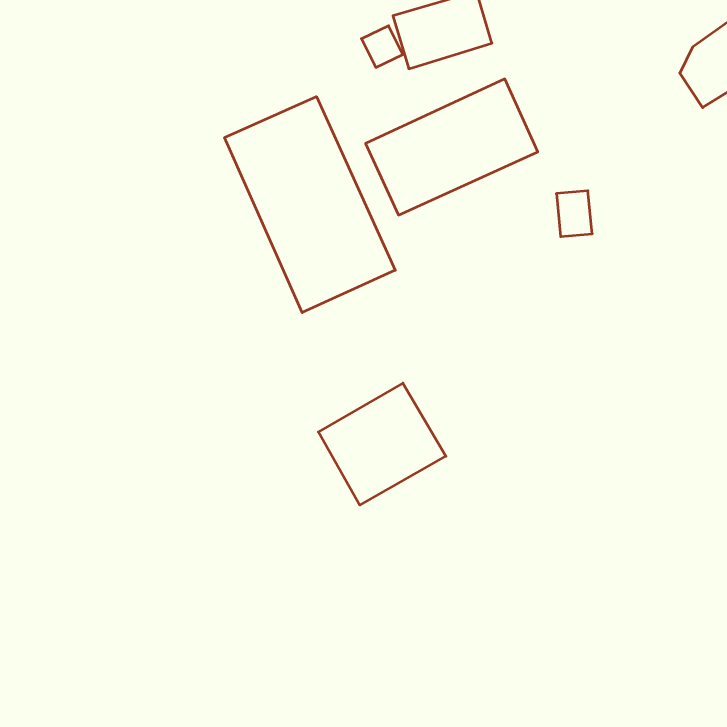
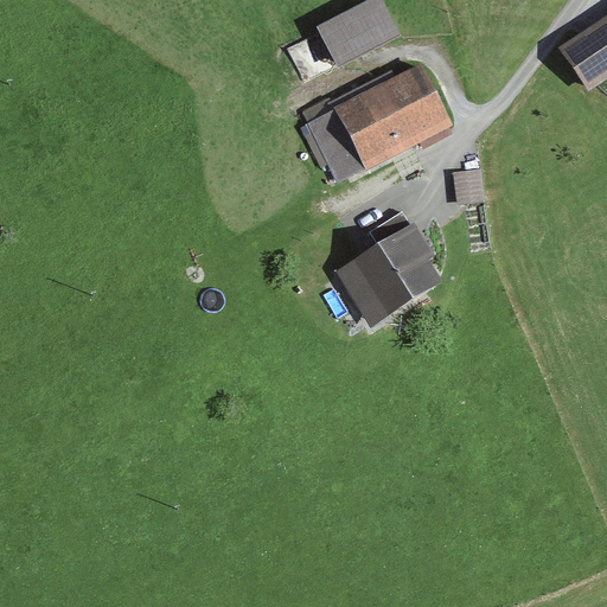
building: [225,97,395,313] -> none
building: [318,383,446,505] -> [331,225,436,326]

